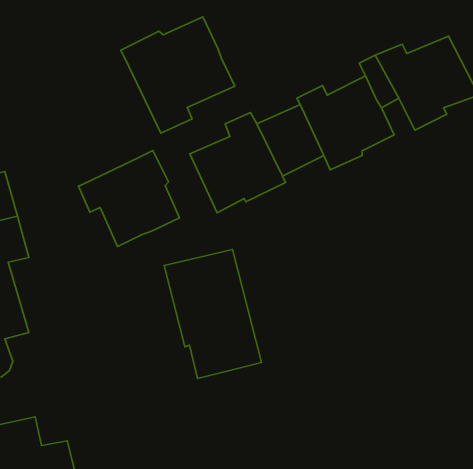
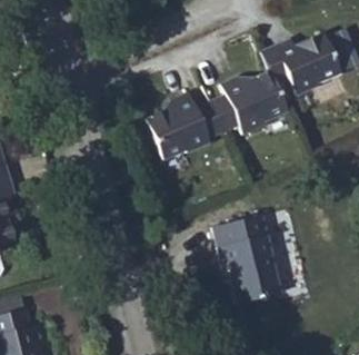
building: [121,17,235,133] -> none
building: [78,151,180,246] -> none
building: [164,250,261,379] -> [223,210,291,300]

